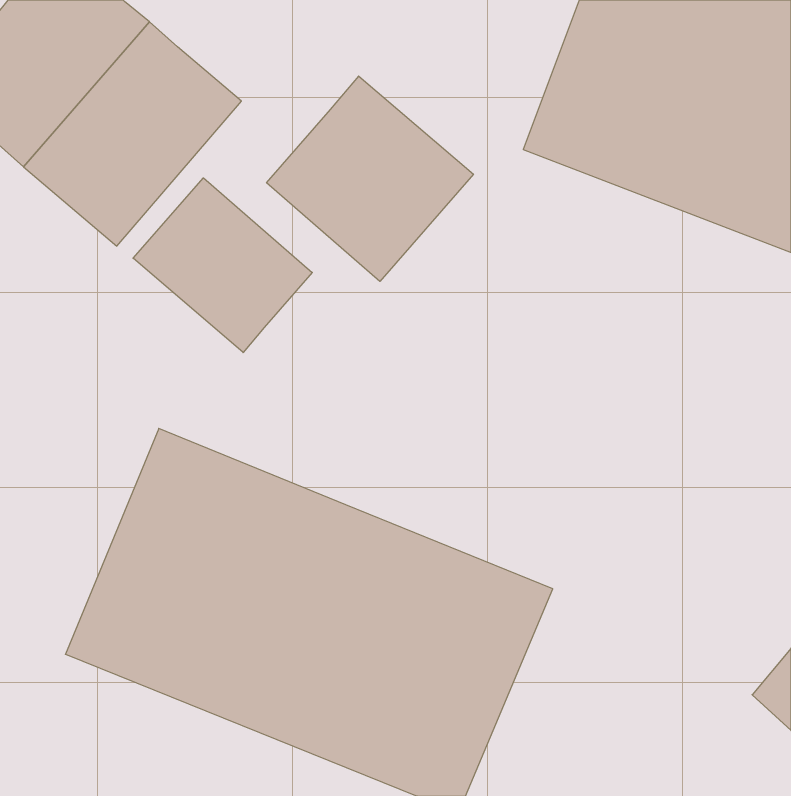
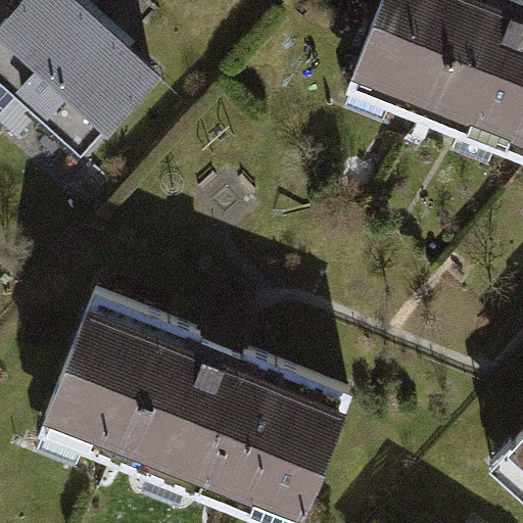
building: [267,76,473,281] -> none
building: [133,178,312,353] -> none

